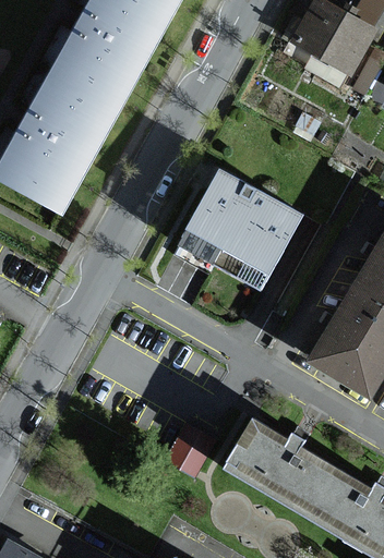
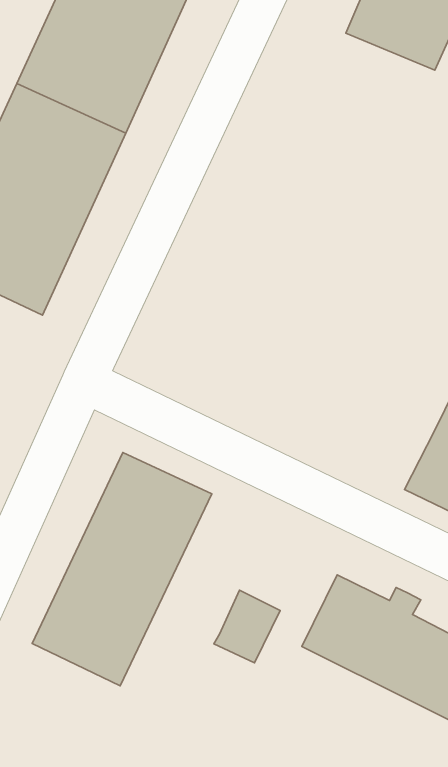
building: [181,172,297,286] -> none
building: none -> [32,453,212,686]

